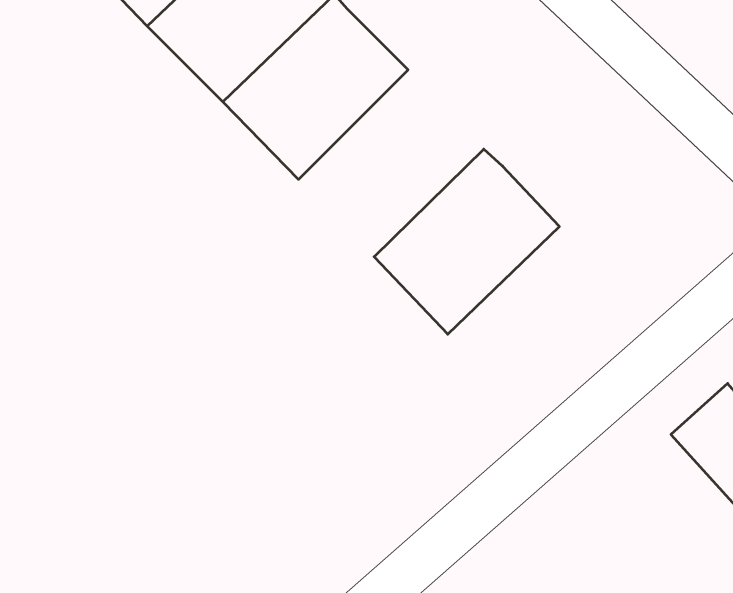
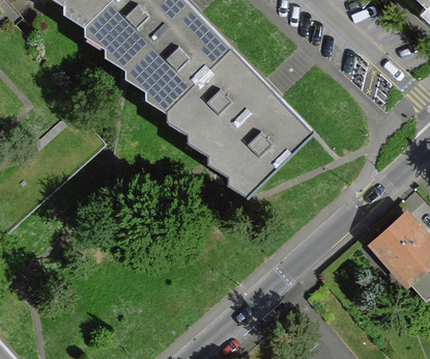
building: none -> [168,46,269,148]

